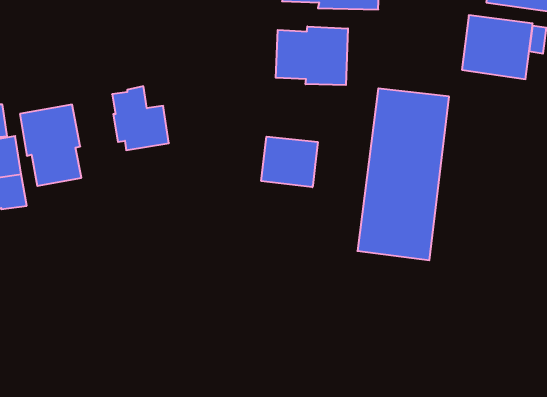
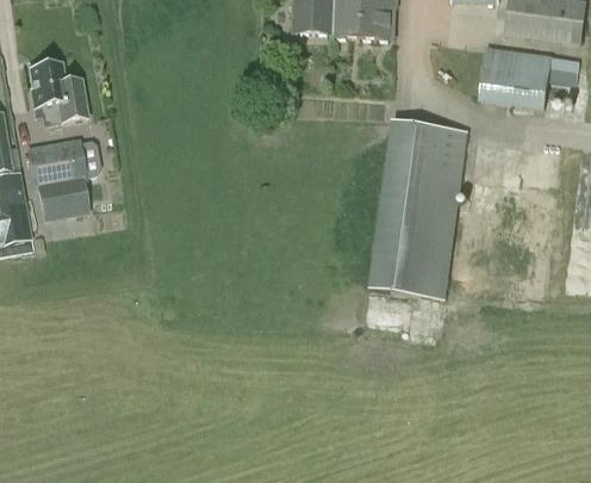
building: [276,26,348,85] -> none
building: [112,86,169,150] -> [29,58,87,124]
building: [261,137,318,187] -> none

